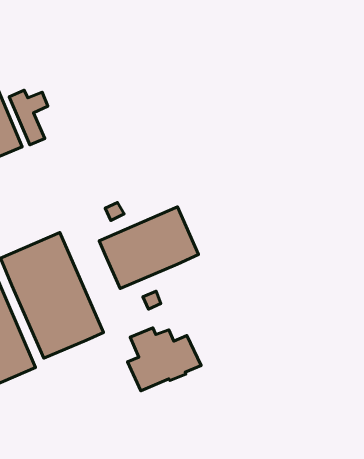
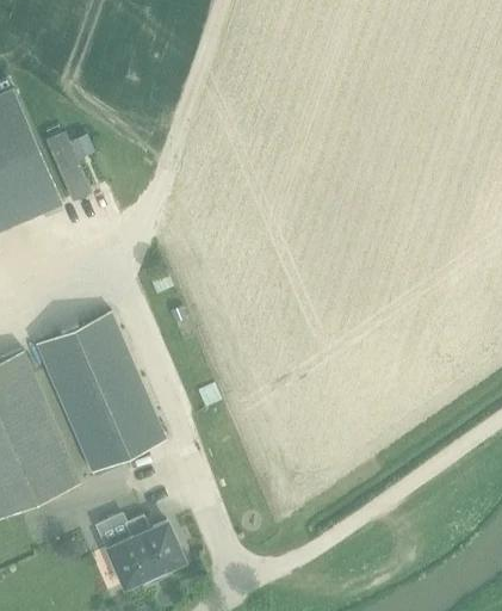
building: [99,207,198,289] -> none
building: [127,328,201,391] -> [91,513,184,593]

